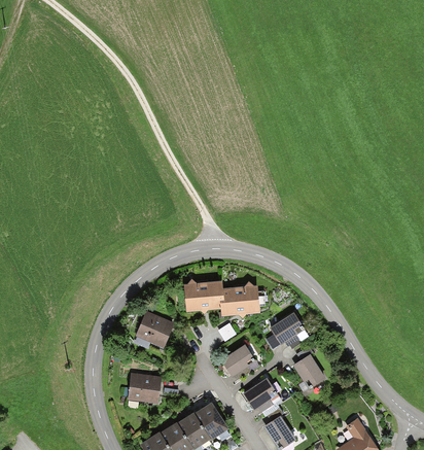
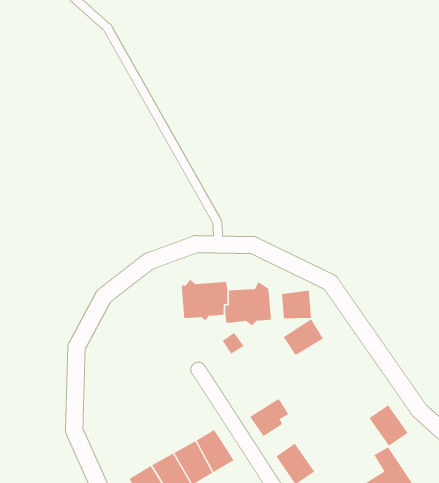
building: none -> [282,290,311,319]
building: [137,312,174,346] -> none
building: [219,344,252,374] -> none
building: [291,353,324,388] -> [369,404,408,447]
building: [129,373,162,404] -> none

